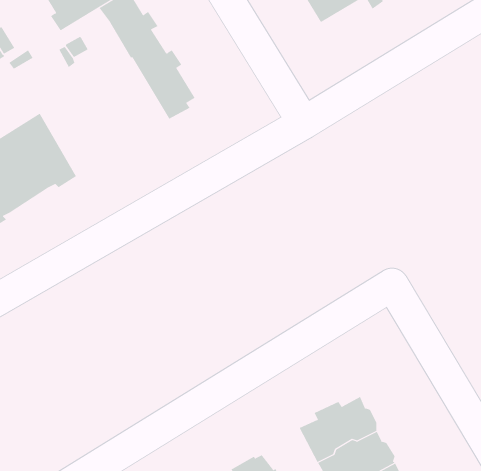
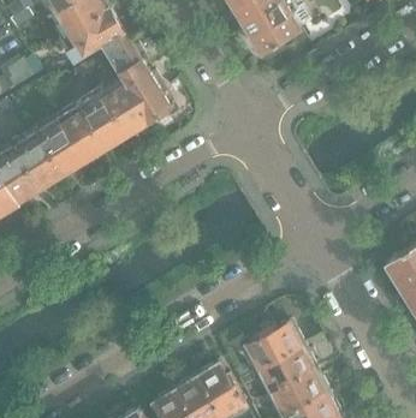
building: none -> [59,79,151,165]

